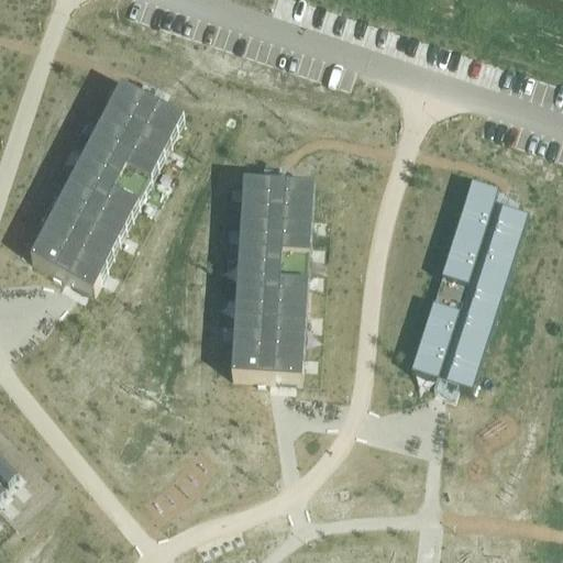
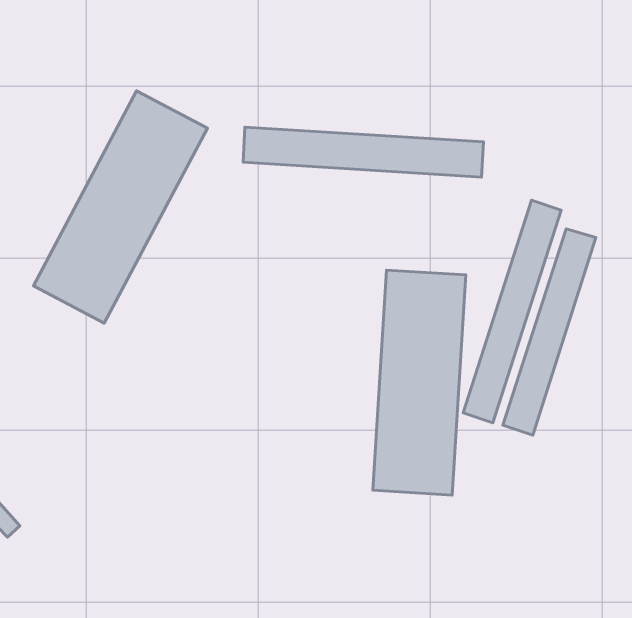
building: none -> [243,127,483,177]
building: [231,176,313,375] -> [373,270,466,495]

